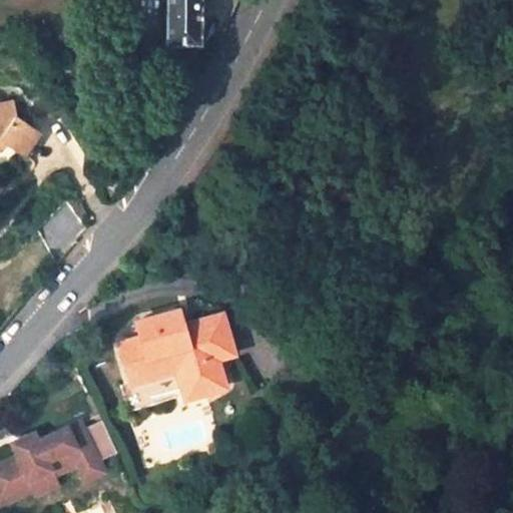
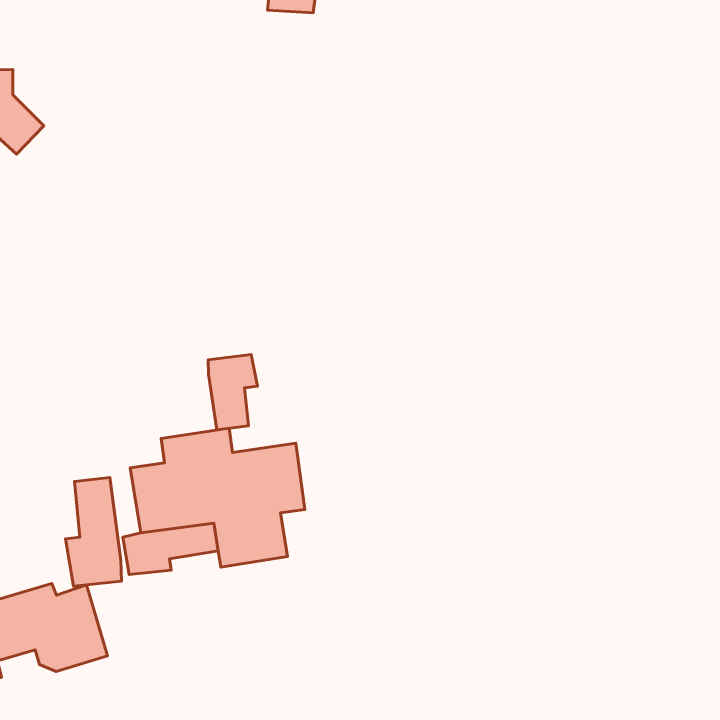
building: none -> [208,354,257,430]
building: none -> [65,477,122,586]

